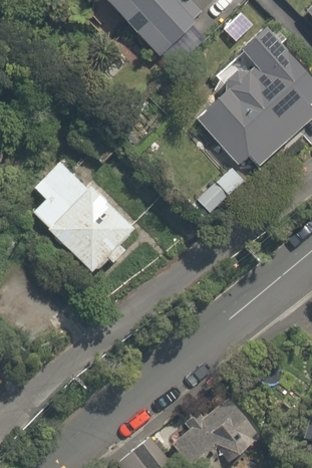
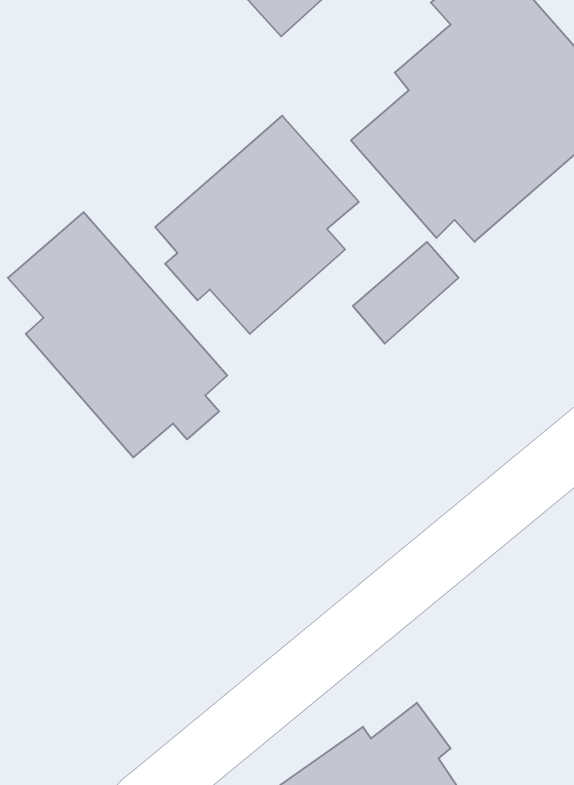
building: none -> [155,116,359,334]

